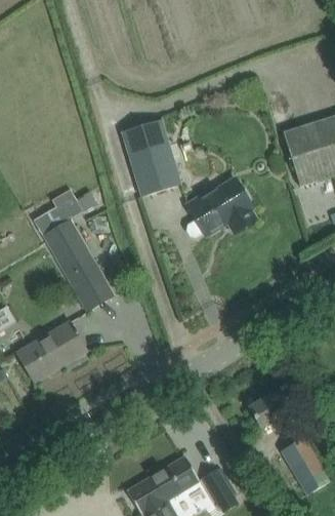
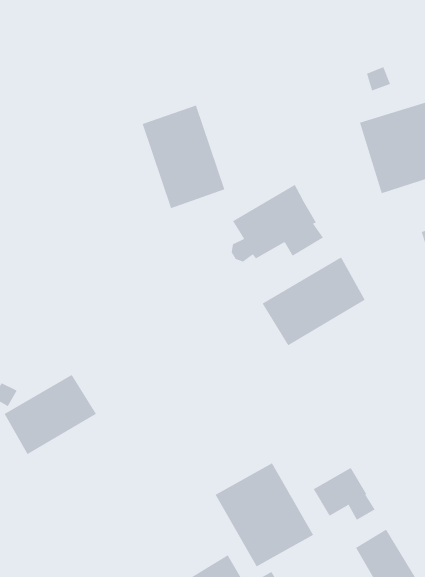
building: [33,189,116,313] -> none
building: none -> [262,256,365,346]
building: none -> [215,462,314,567]

